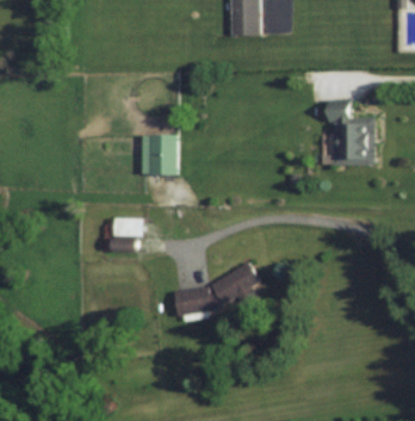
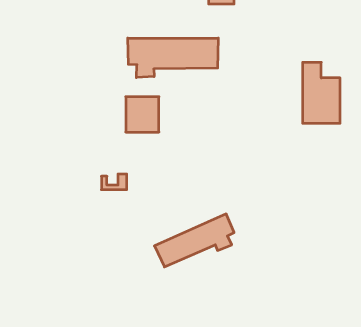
building: none -> [128,38,218,78]

